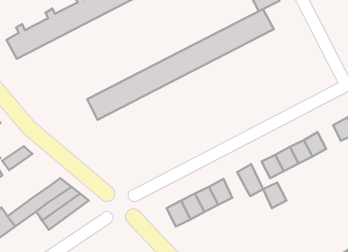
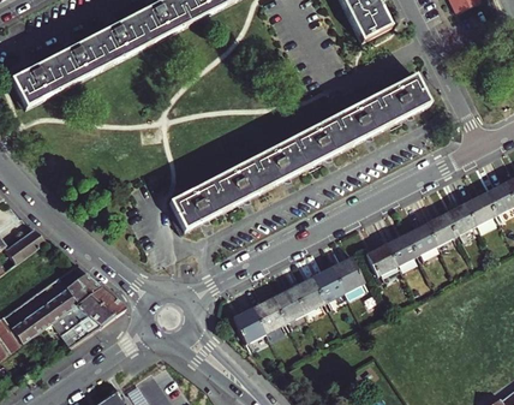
building: [87,9,274,120] -> [169,77,429,231]
building: none -> [443,201,476,233]
building: [263,182,287,208] -> [312,266,345,302]

